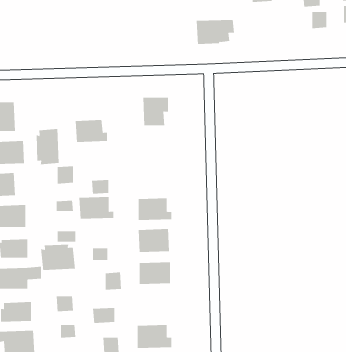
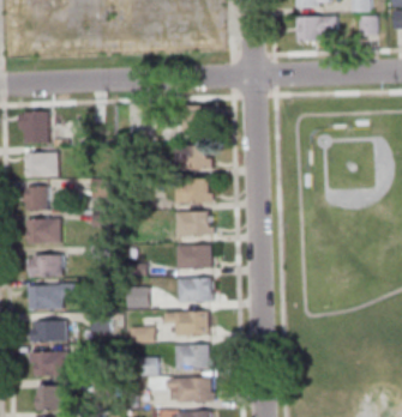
building: [196,20,235,45] -> [295,16,336,42]
building: [75,120,108,142] -> [175,146,210,170]
building: [36,128,59,165] -> none
building: [79,196,114,219] -> [174,179,211,203]
building: [41,244,75,271] -> none
building: none -> [163,313,206,337]

